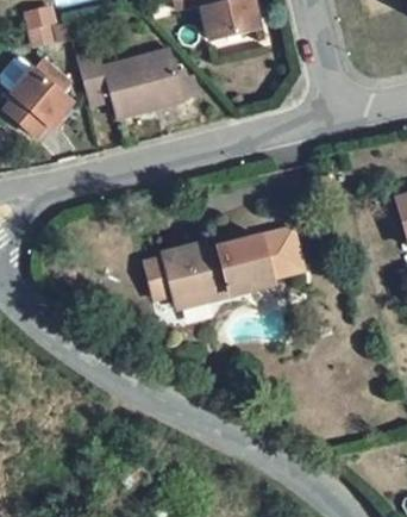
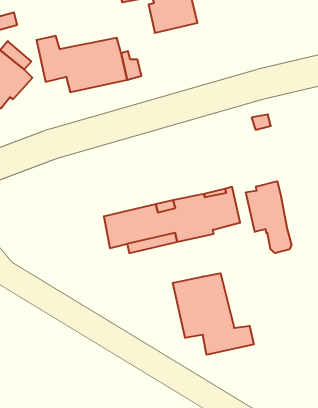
building: none -> [246,181,291,253]
building: none -> [173,273,254,355]

